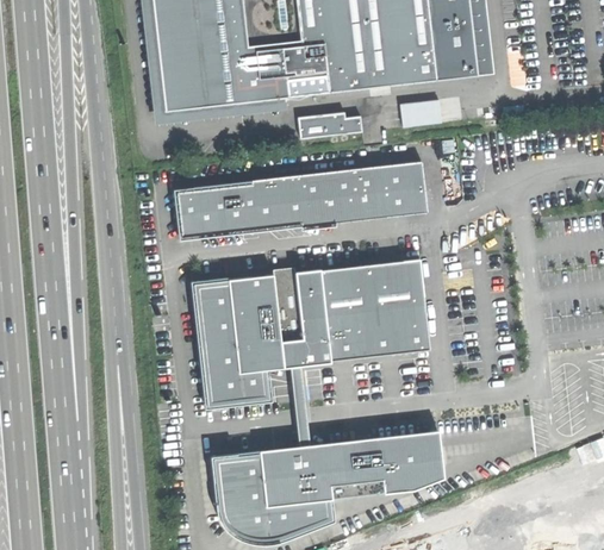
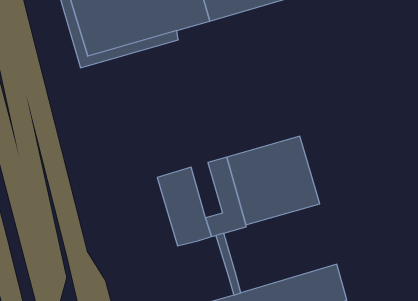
building: [399,100,442,127] -> none
building: [299,113,362,137] -> none
building: [179,161,428,236] -> none
building: [274,267,304,342] -> none
building: [194,280,272,407] -> none

